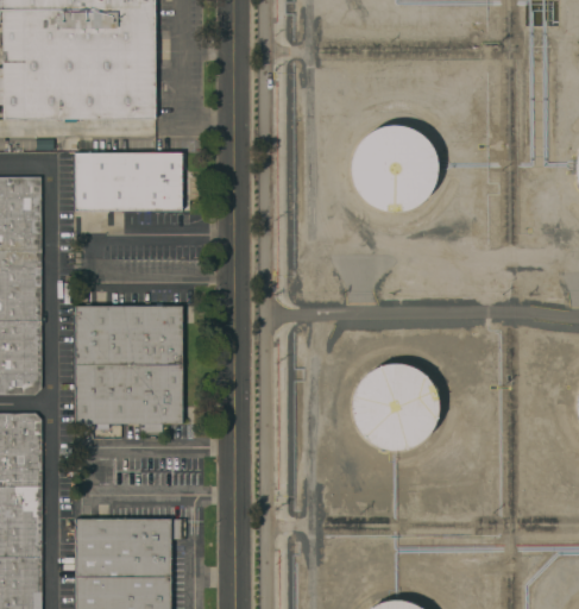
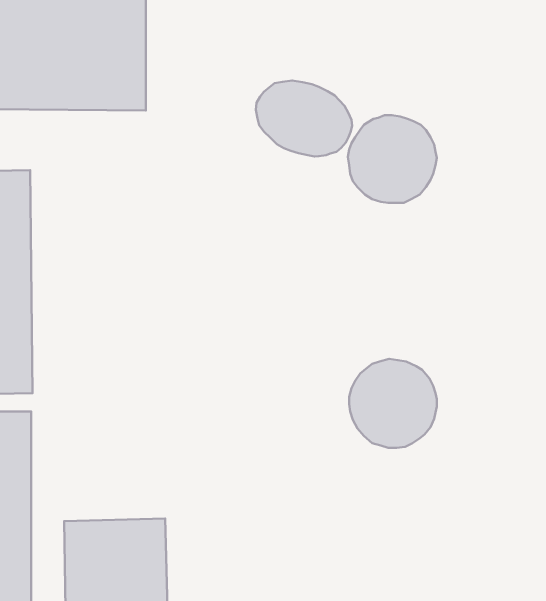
building: none -> [256,80,352,156]
building: [75,155,181,211] -> none
building: [75,304,185,423] -> none

